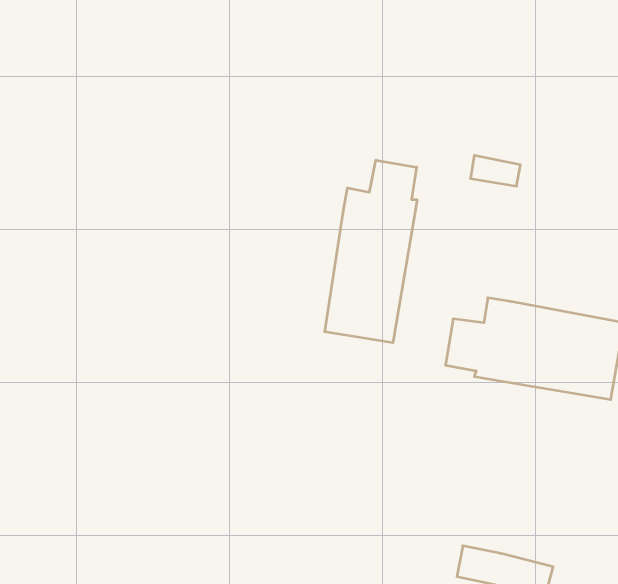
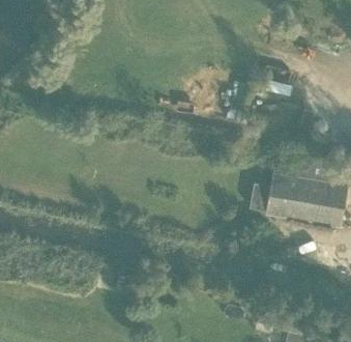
building: [325,160,417,343] -> none

